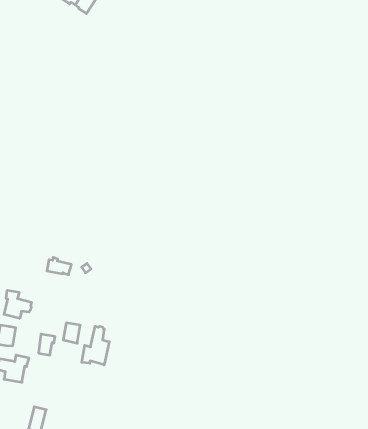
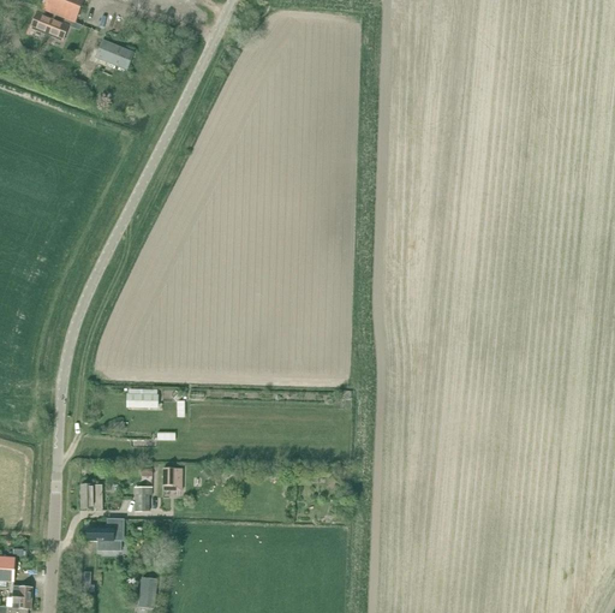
building: [4,290,31,318] -> none
building: [82,326,109,365] -> none

